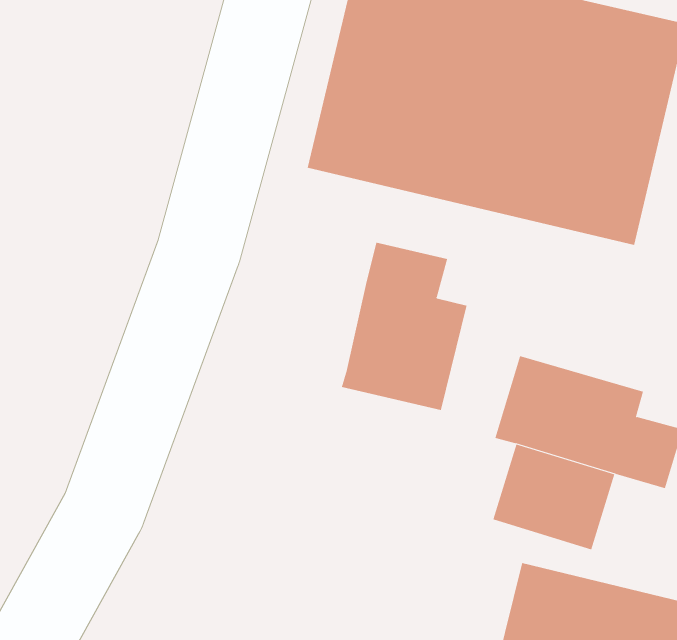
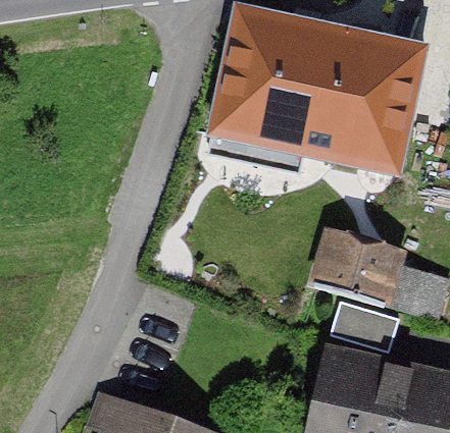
building: [341,242,467,411] -> none

